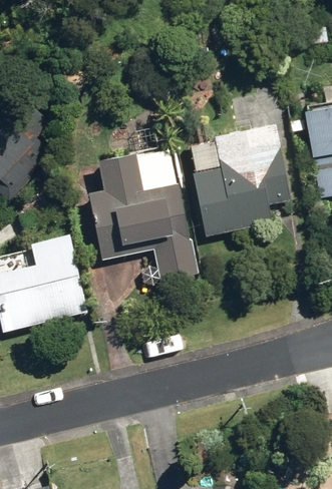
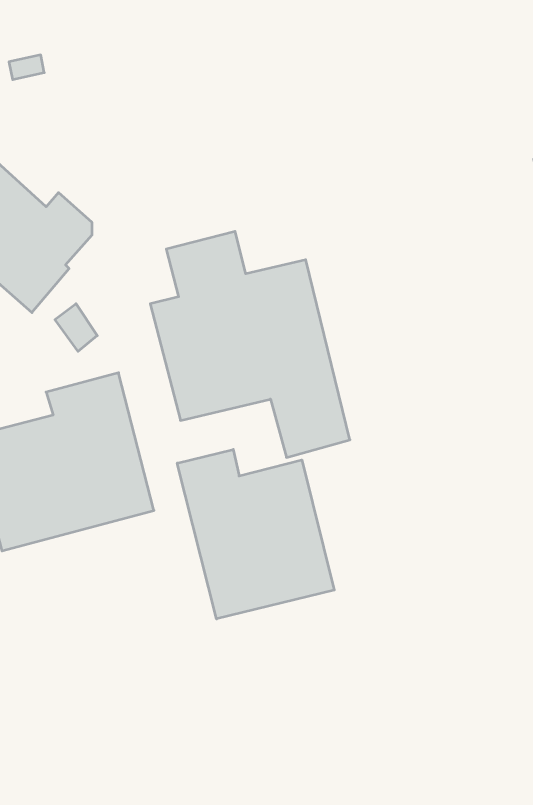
building: [191,123,290,236] -> none
building: none -> [177,449,334,619]

